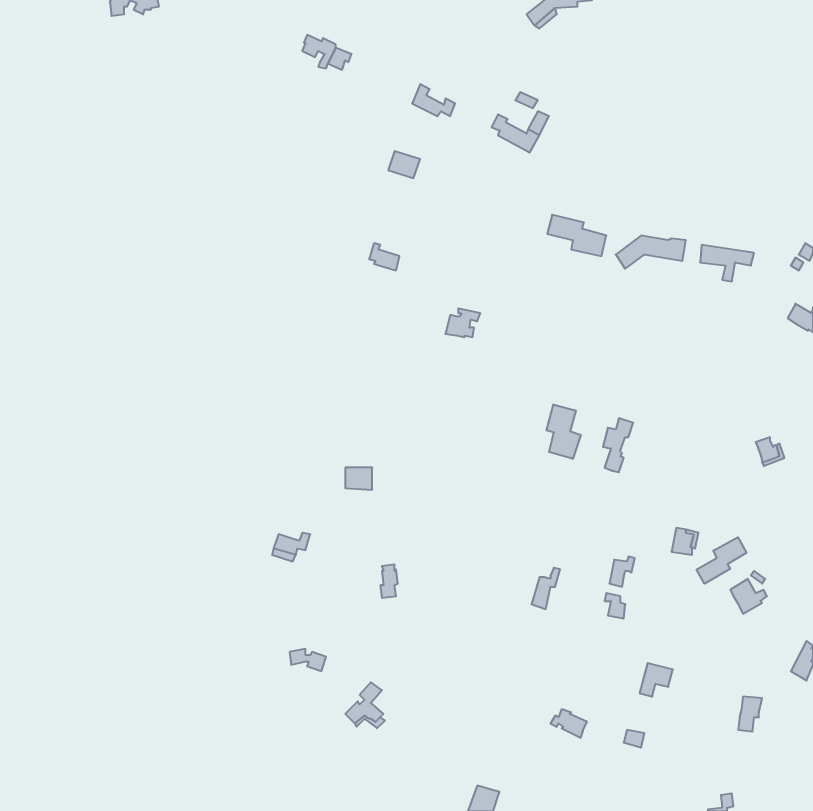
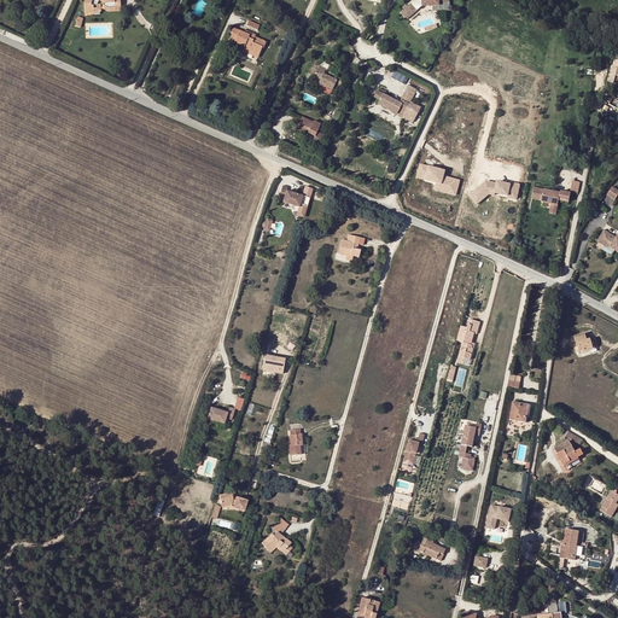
building: [547,404,581,459] -> none
building: [696,537,746,584] -> none

